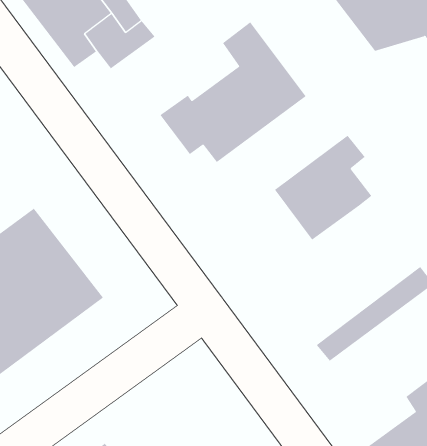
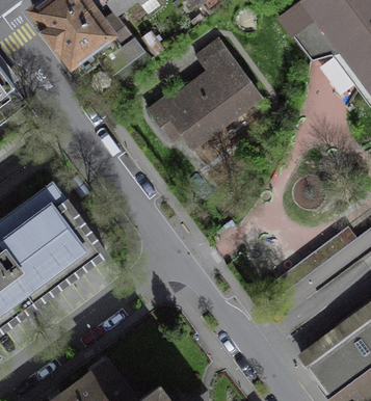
building: [274,135,372,241] -> none

